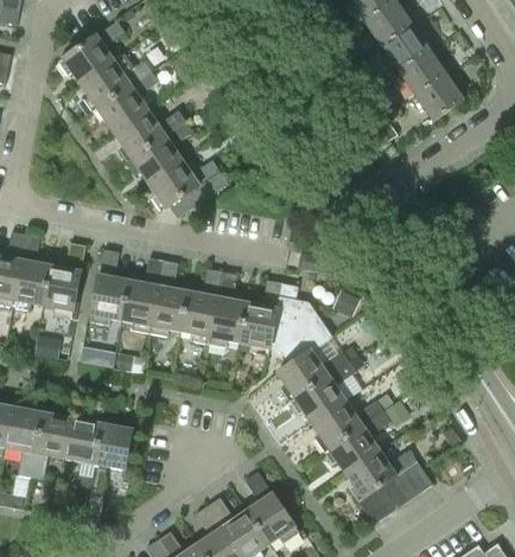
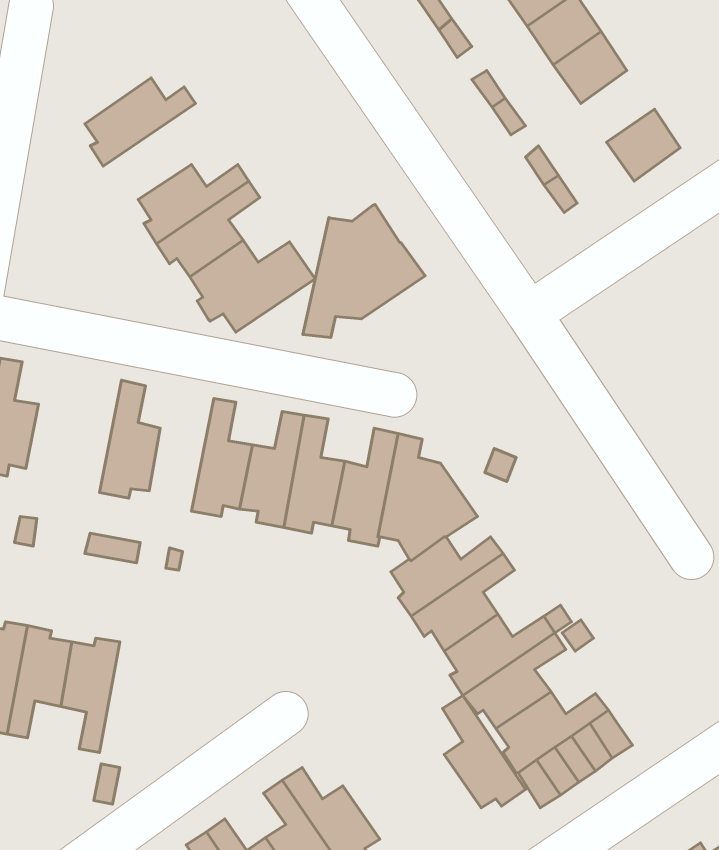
building: [57,21,125,84] -> none
building: [399,50,446,96] -> none
building: [91,71,158,133] -> none
building: none -> [303,204,425,337]
building: [42,243,84,318] -> none
building: [121,257,163,333] -> none
building: [89,417,132,491] -> none
building: [244,472,298,544] -> [442,695,525,808]

